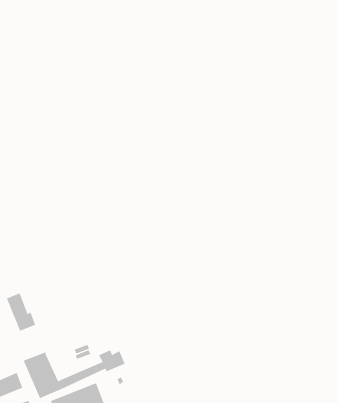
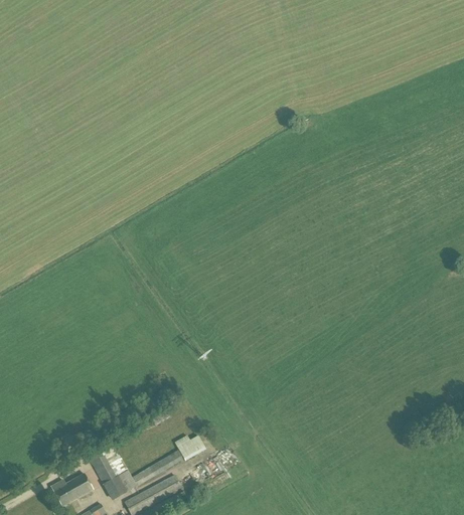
building: [6,292,36,332] -> none

